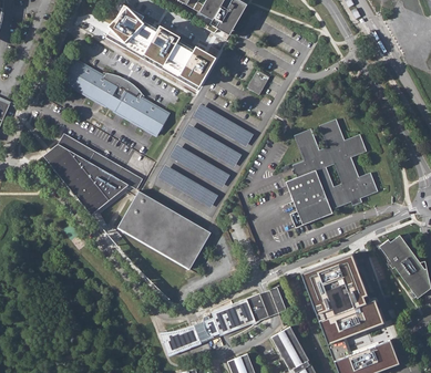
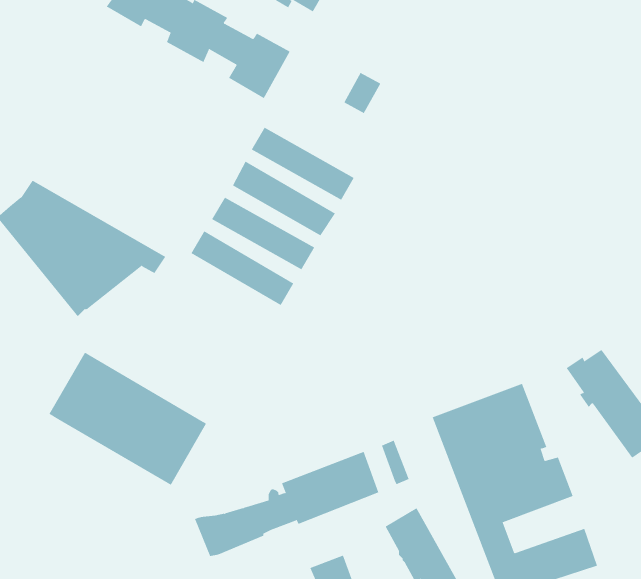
building: [63,60,170,136] -> none
building: [287,122,379,229] -> none
building: [117,191,211,270] -> [49,352,207,486]

